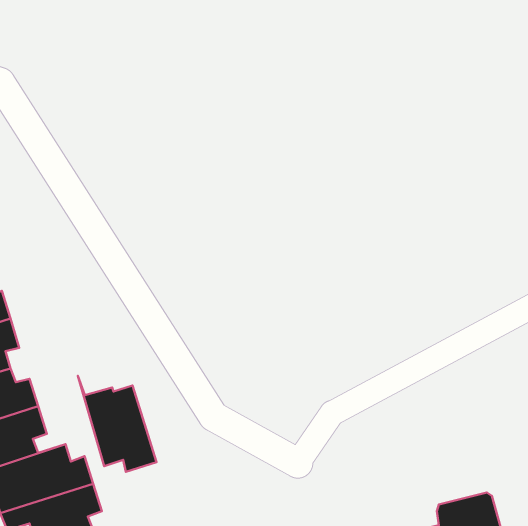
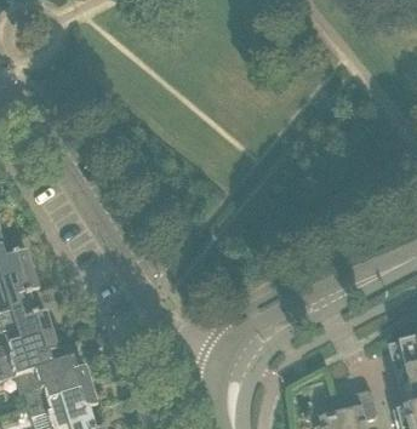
building: [78,376,157,472] -> none

